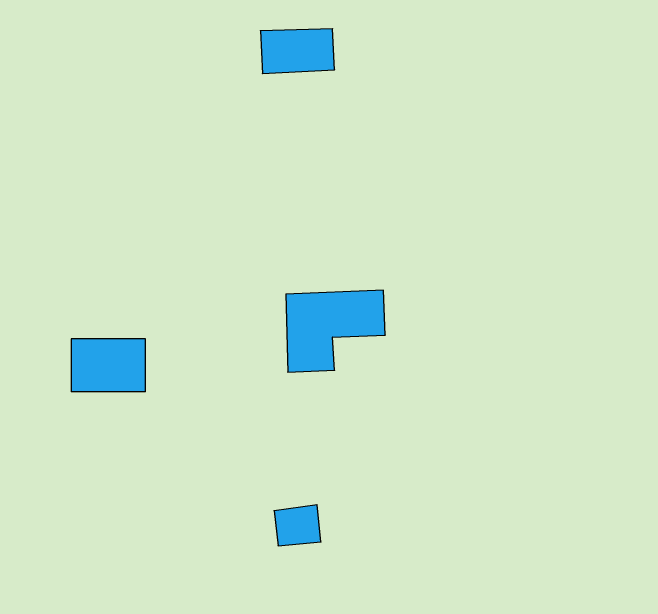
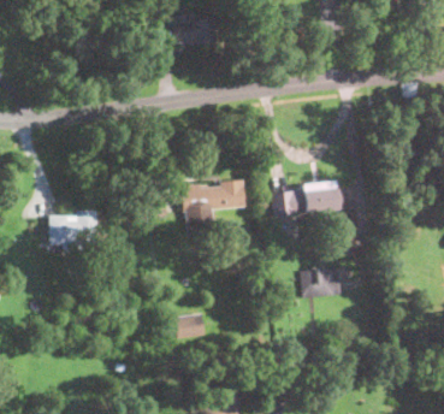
building: none -> [272,181,342,218]
building: none -> [302,267,342,297]

